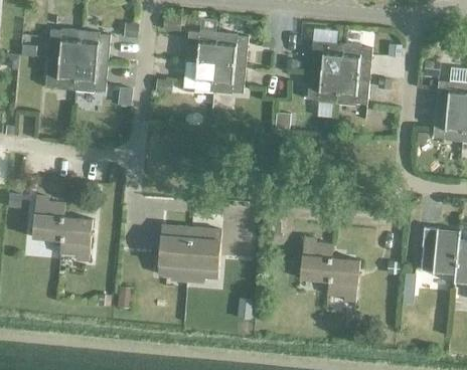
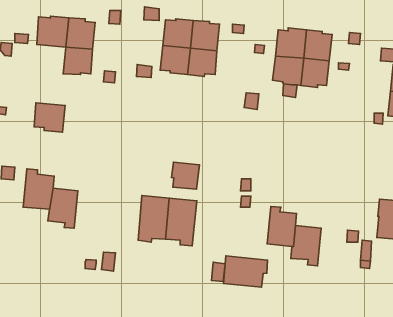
building: [44,58,79,90] -> [34,103,65,132]
building: none -> [172,162,199,189]
building: none -> [223,256,267,287]

